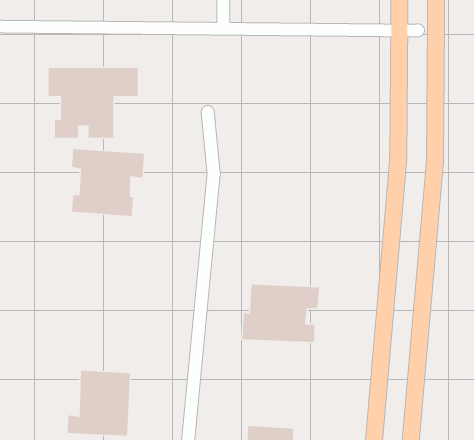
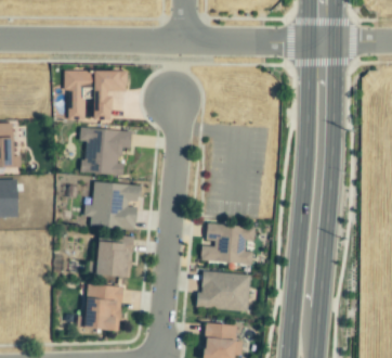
building: none -> [84,181,139,229]
building: none -> [94,234,133,277]
building: none -> [199,271,250,309]

